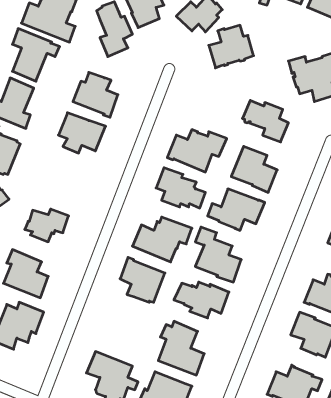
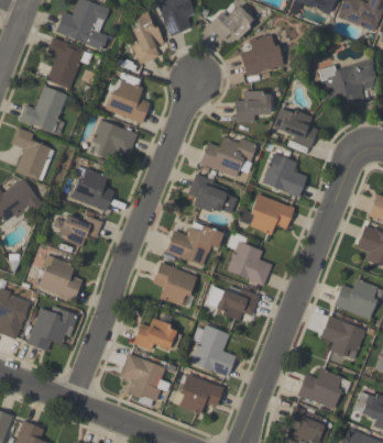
building: none -> [234,90,271,122]
building: none -> [72,168,114,211]
building: none -> [133,318,182,351]

